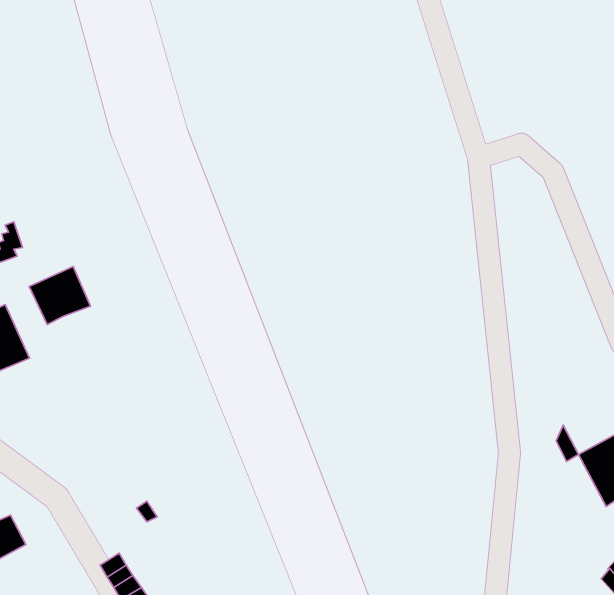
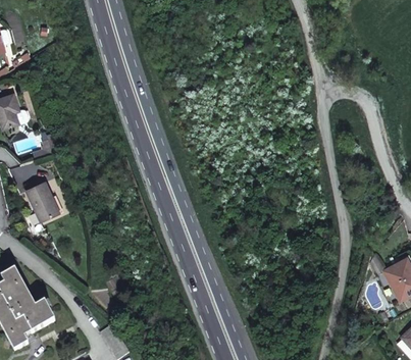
building: [29,267,90,325] -> none

